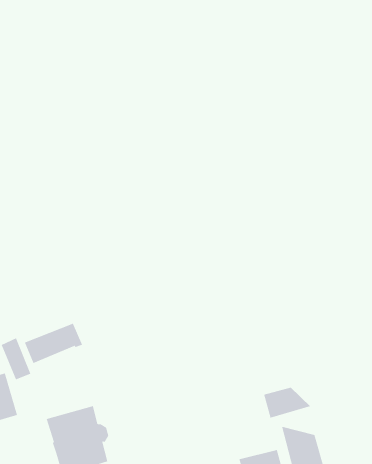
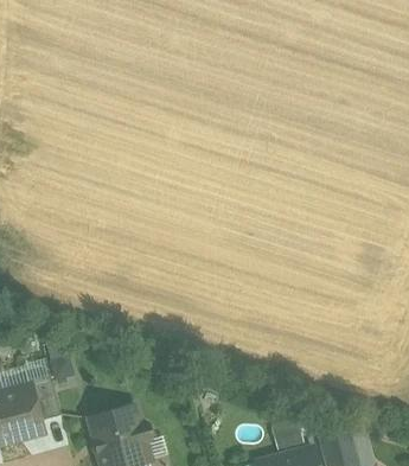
building: [24,323,83,364] -> none
building: [263,387,311,418] -> none

